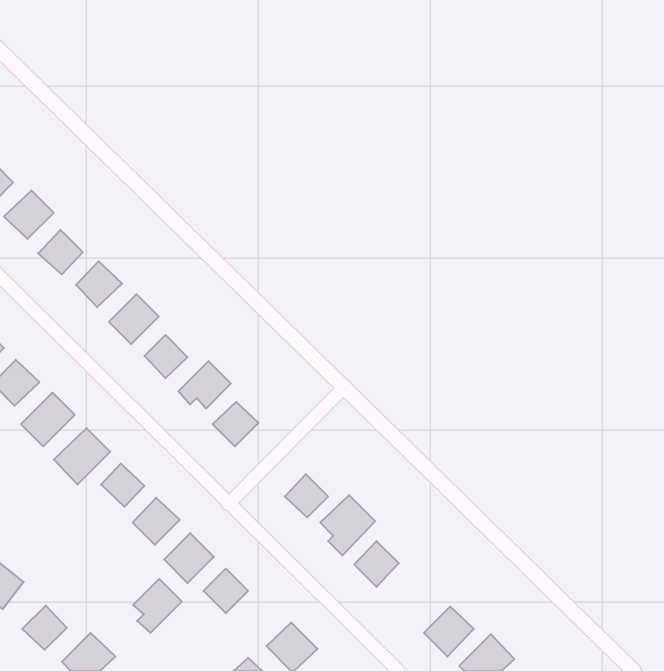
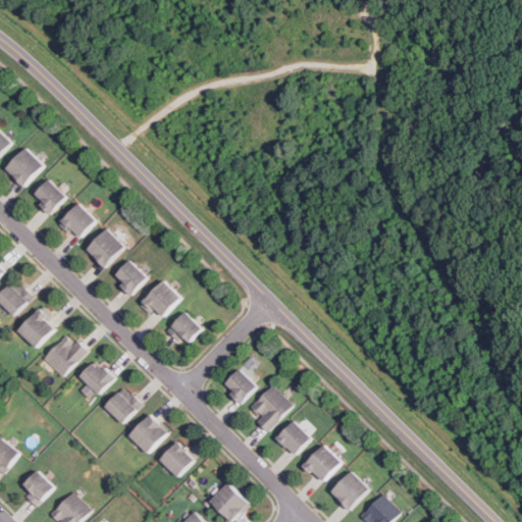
building: none -> [302,445,341,482]
building: [133,579,182,633] -> none

